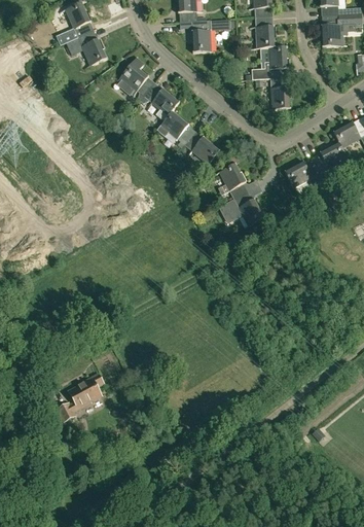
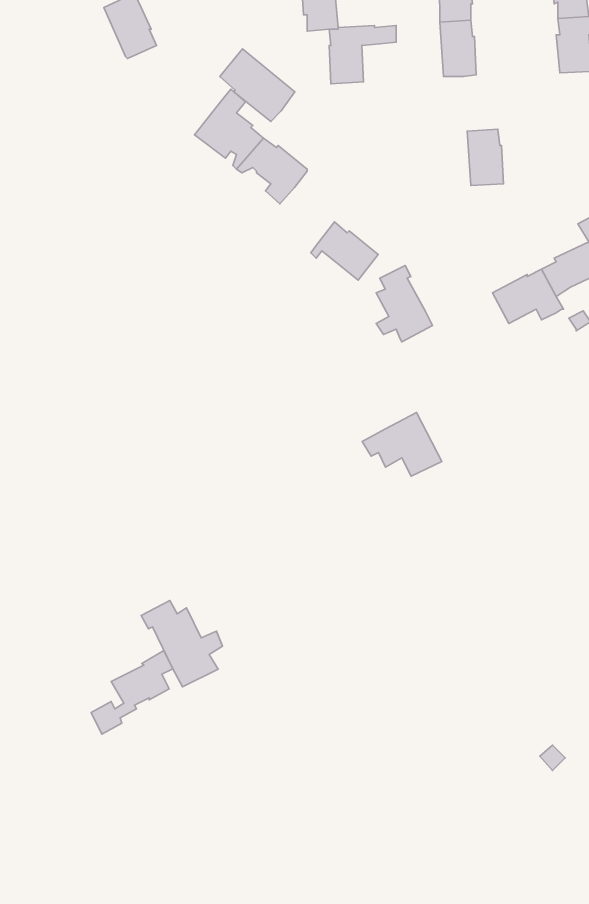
building: [66,31,107,66] -> none
building: none -> [220,49,295,121]
building: [252,47,289,79] -> none
building: [157,111,195,148] -> none
building: [220,189,265,225] -> [362,413,442,476]
building: none -> [141,601,223,687]

